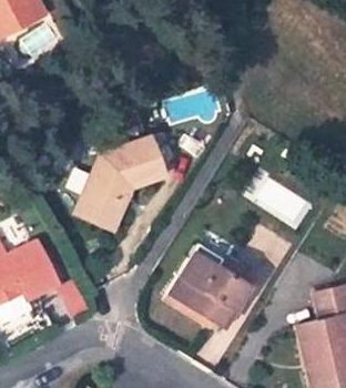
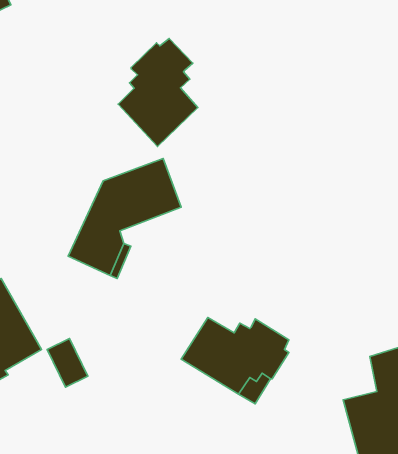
building: none -> [118,39,198,147]

